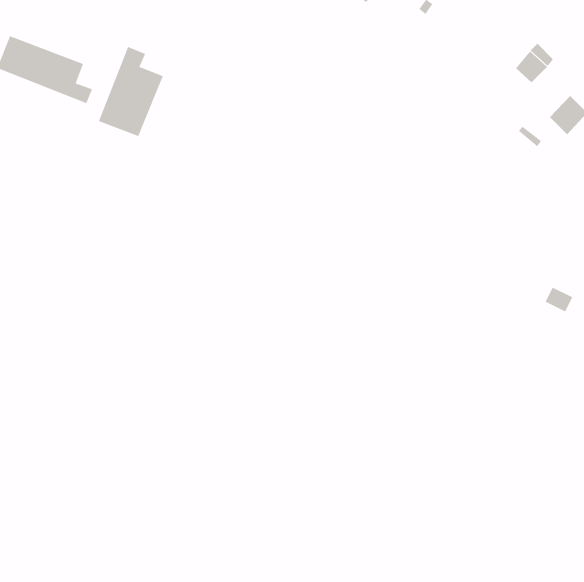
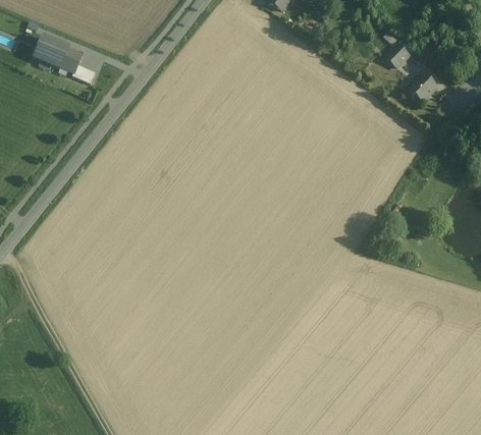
building: [98,46,164,137] -> none

